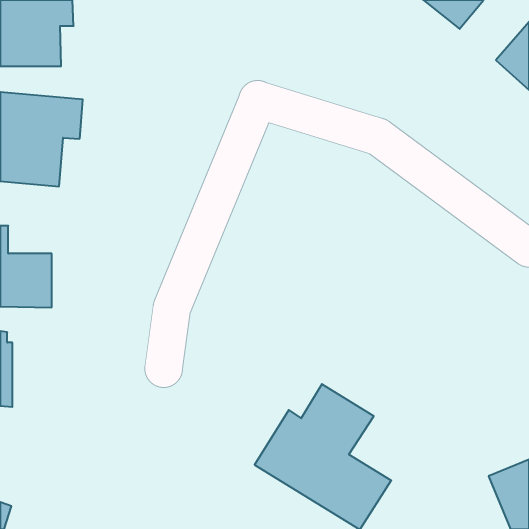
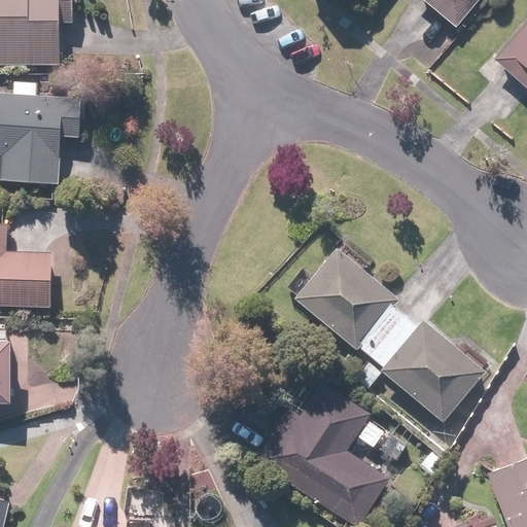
building: none -> [293,247,487,424]

